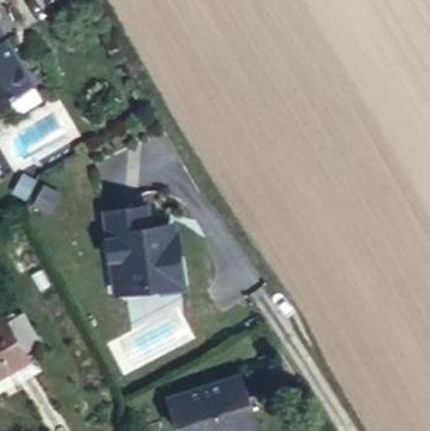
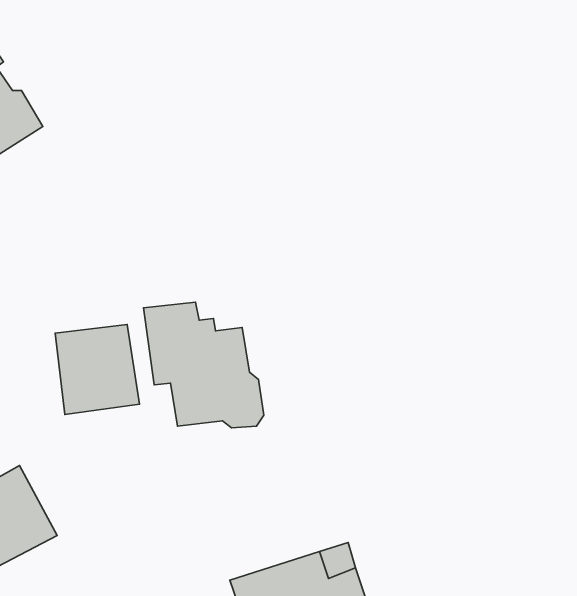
building: none -> [55,325,140,414]

